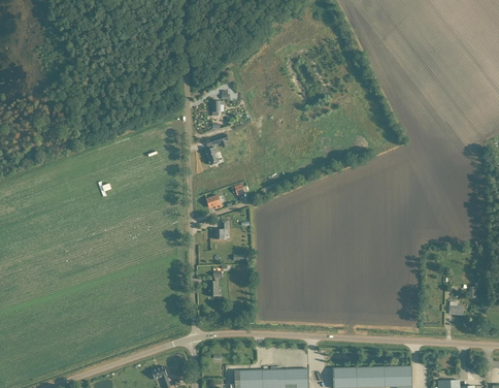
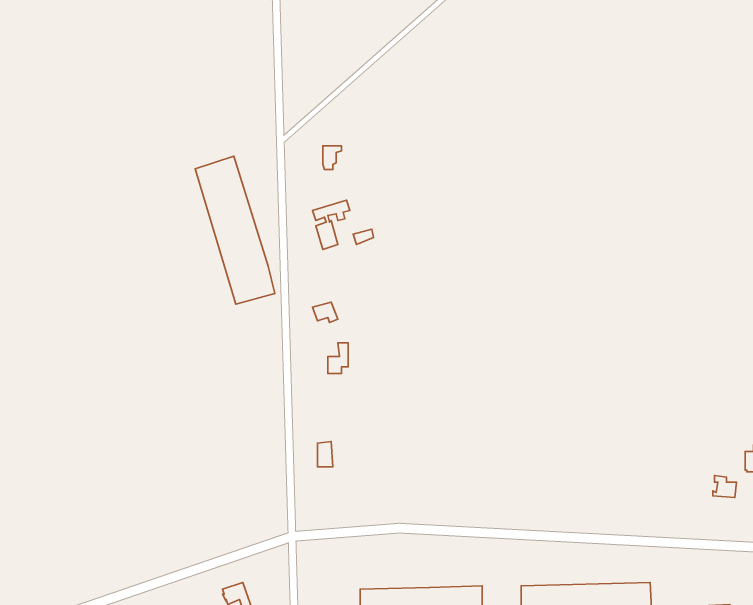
building: none -> [195,156,275,304]

